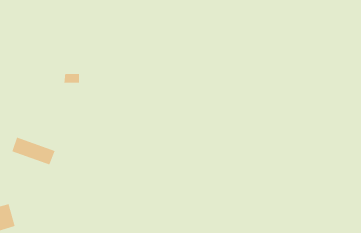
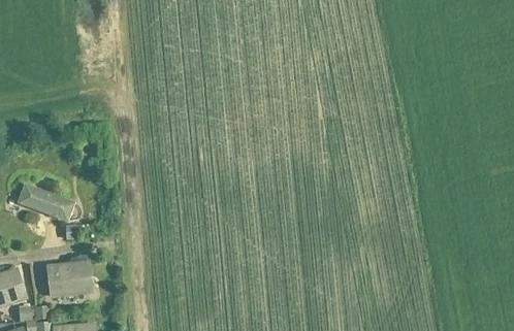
building: none -> [47,261,83,295]

